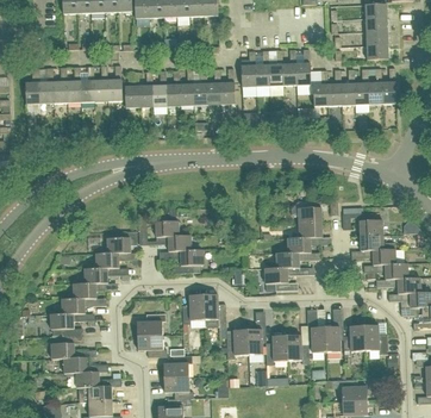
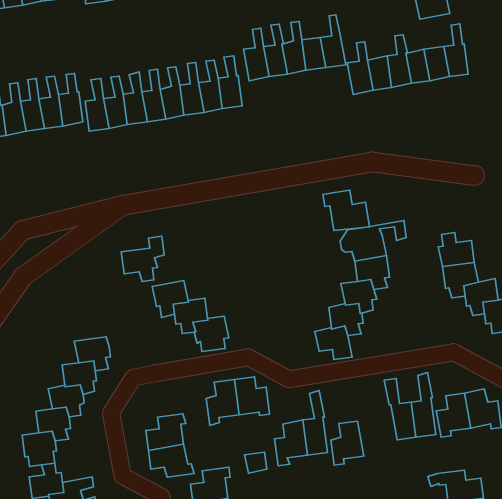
building: none -> [323,190,369,230]
building: [107,230,137,260] -> [121,236,164,282]
building: [286,333,310,362] -> none

